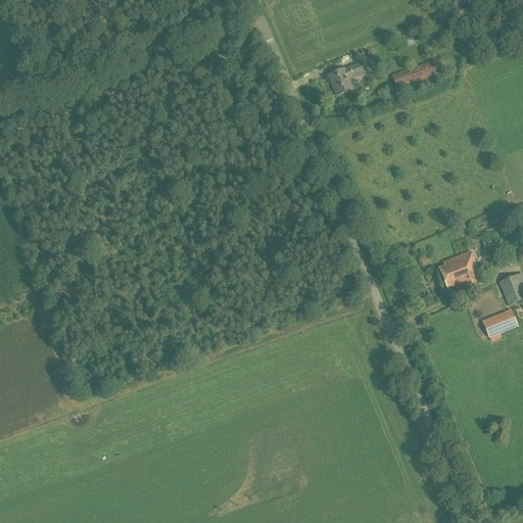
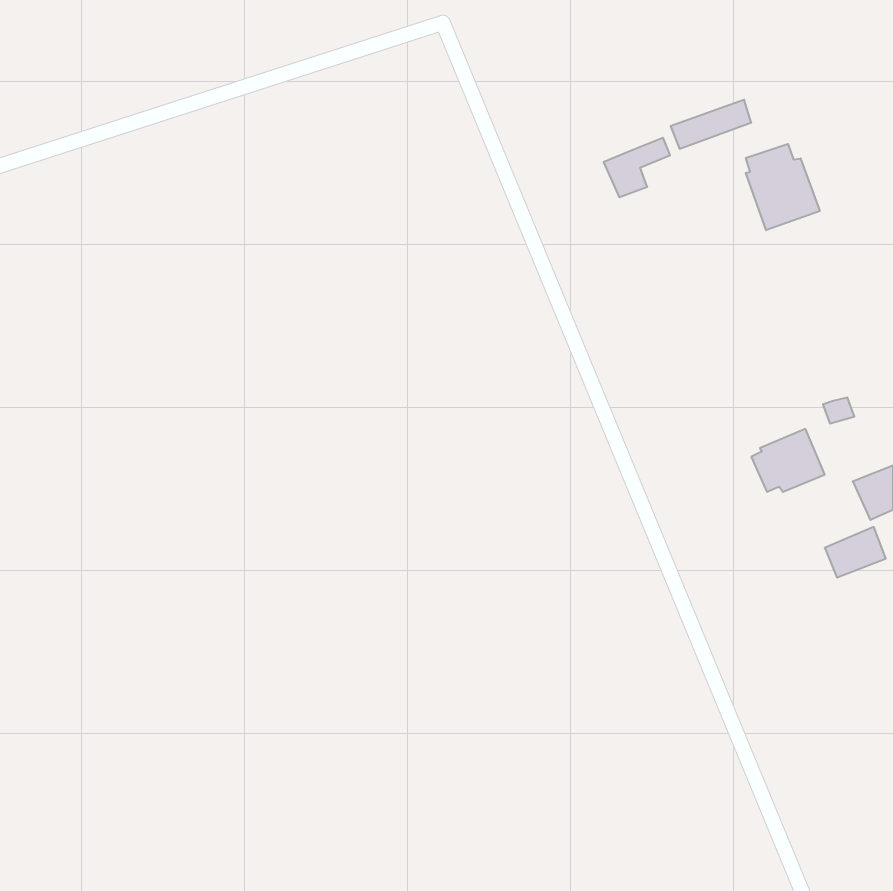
building: [327,59,366,94] -> [604,138,670,197]
building: none -> [746,144,820,230]

